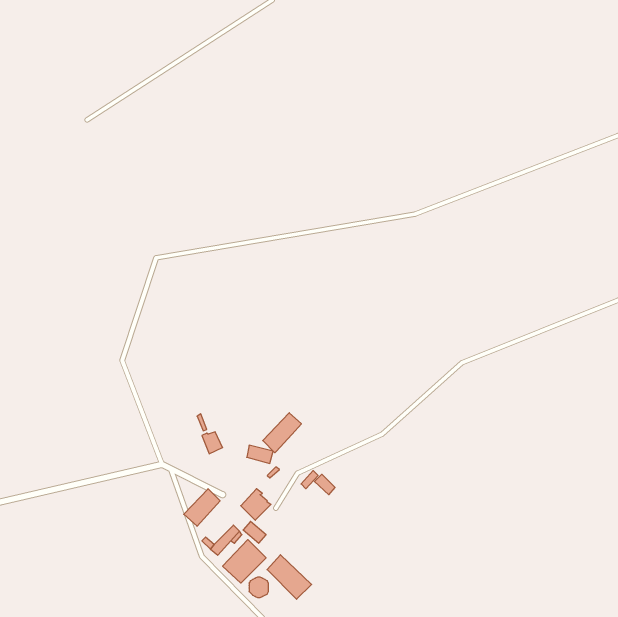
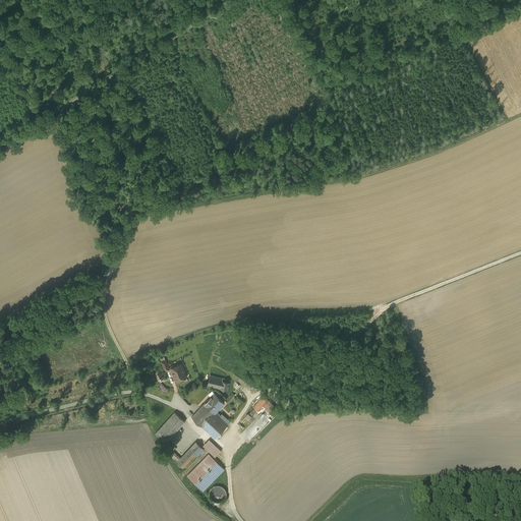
building: [263,413,301,453] -> [191,394,224,427]
building: [267,555,312,599] -> none

